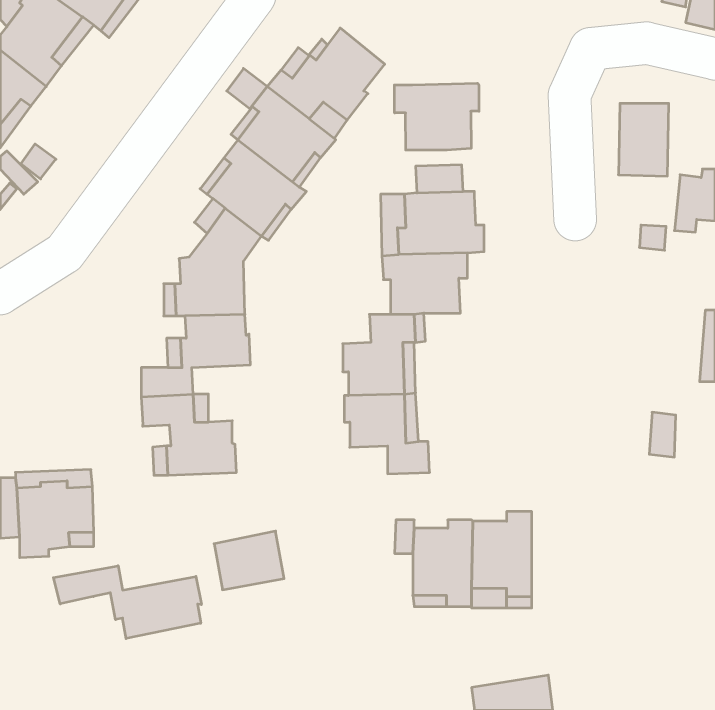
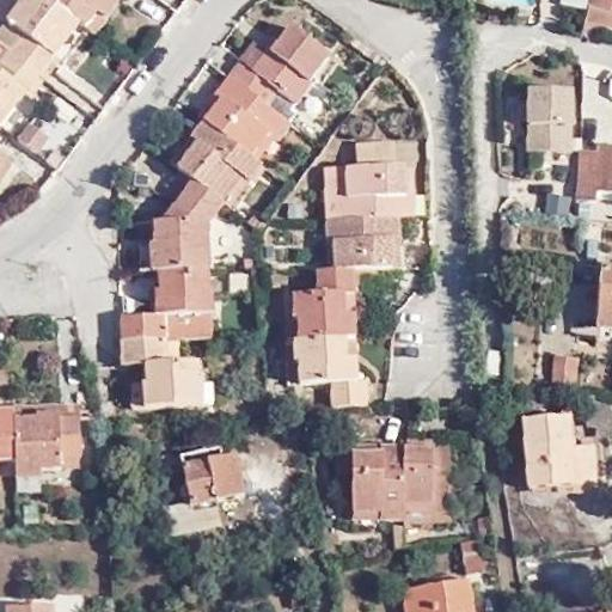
building: [394,83,479,150] -> none
building: none -> [522,415,596,488]
building: [53,566,201,639] -> none

